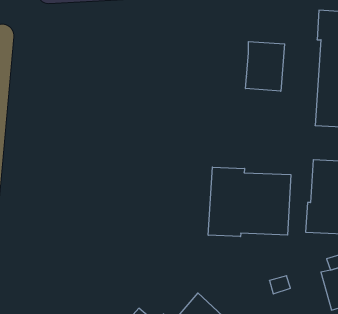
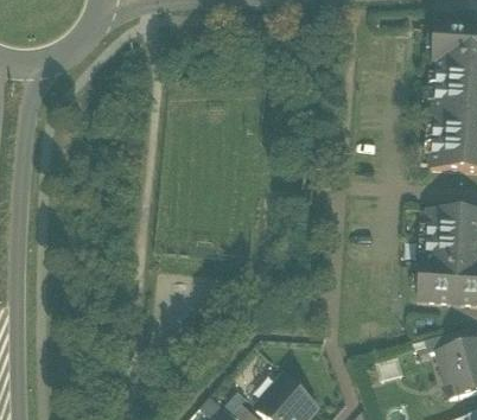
building: [246,42,285,91] -> none
building: [208,167,291,237] -> none

